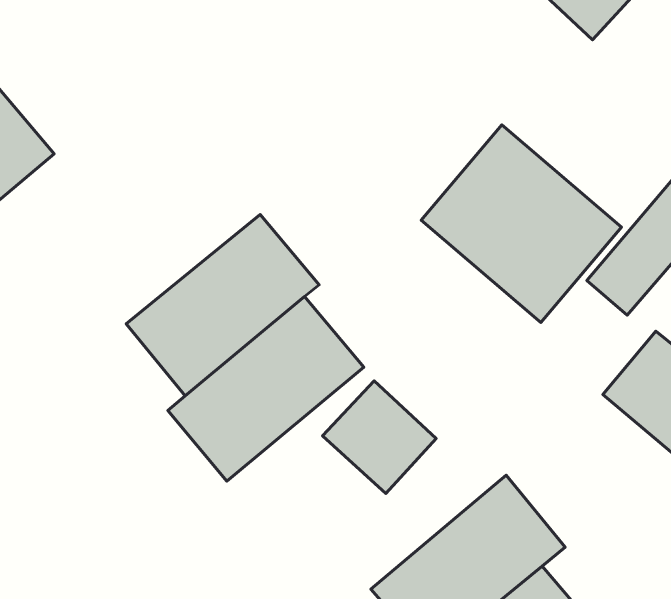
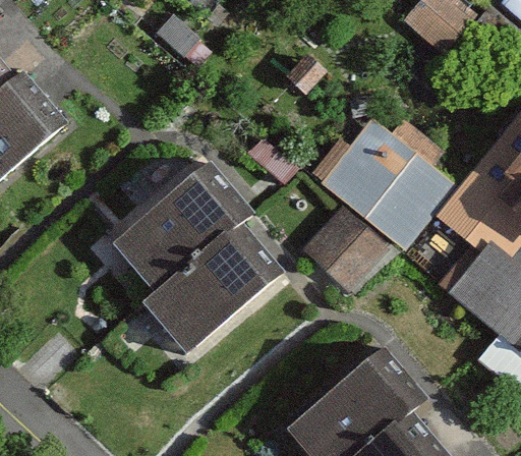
building: [322,381,436,493] -> [303,210,384,289]

